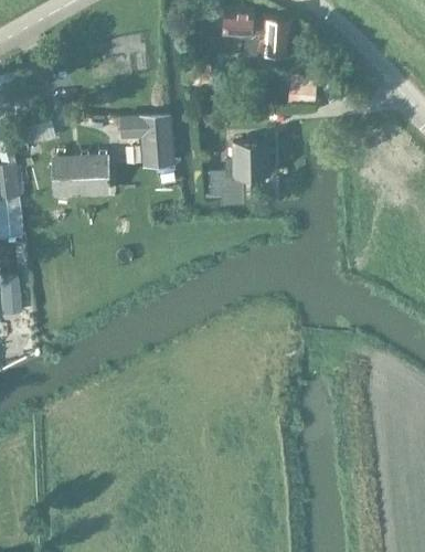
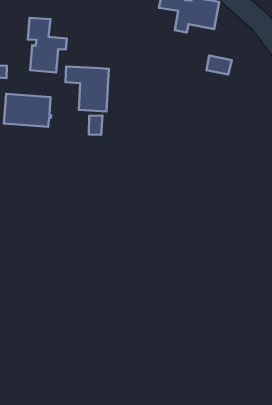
building: none -> [28,18,67,72]
building: [210,141,269,204] -> none

